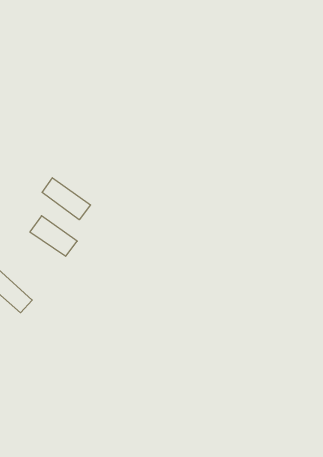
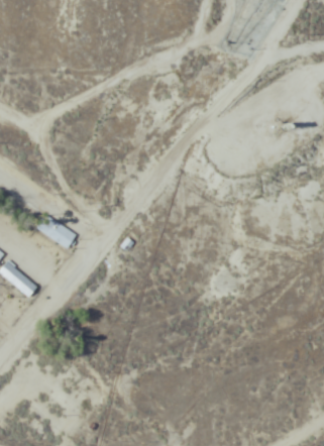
building: [42,178,91,220] -> none

